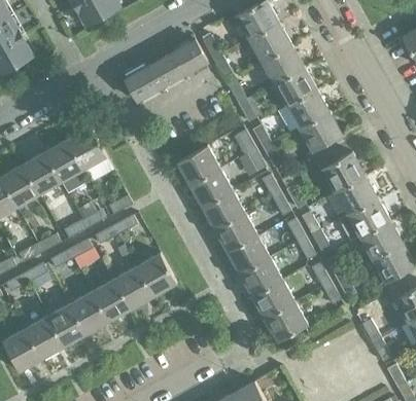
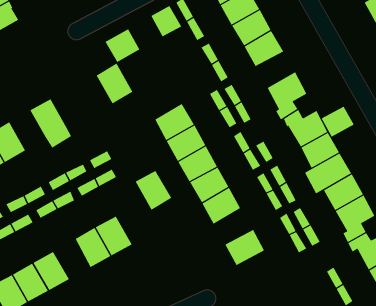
building: [149,51,185,87] -> none
building: [285,89,328,129] -> none
building: [66,126,106,171] -> [96,63,133,104]
building: none -> [321,106,354,138]
building: [22,152,61,195] -> none
building: [136,253,176,296] -> [135,170,172,210]
building: [240,257,283,296] -> none
building: [69,290,108,333] -> none
building: [265,302,308,342] -> none

